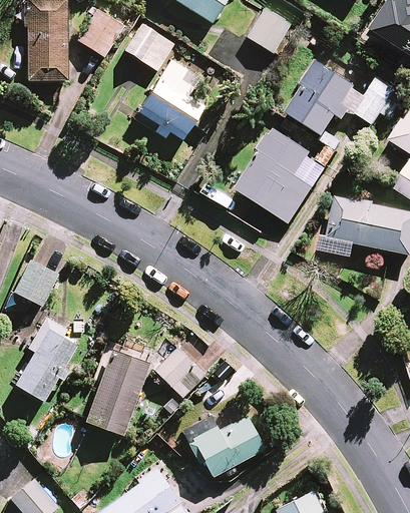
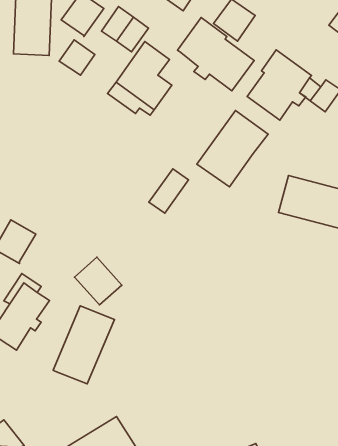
building: none -> [177,17,254,91]
building: none -> [59,40,95,75]
building: [270,173,312,222] -> [149,169,189,213]
building: [155,348,208,400] -> [75,257,122,305]
building: [193,416,266,477] -> none

